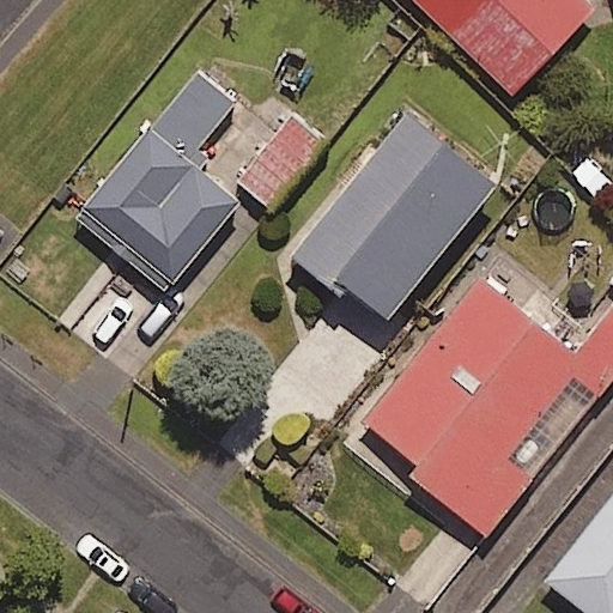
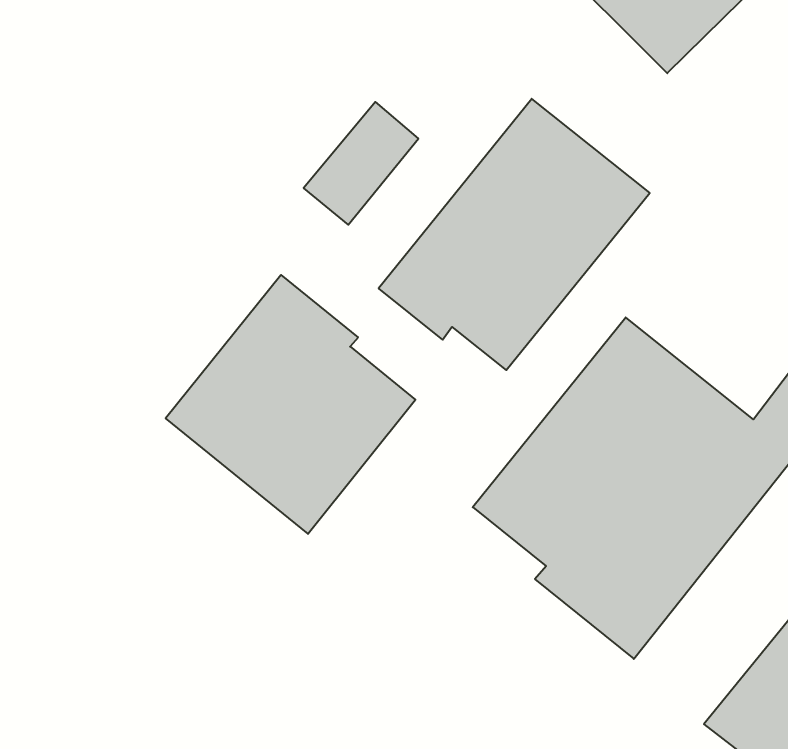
building: [75,72,238,291] -> none
building: none -> [166,275,415,534]

